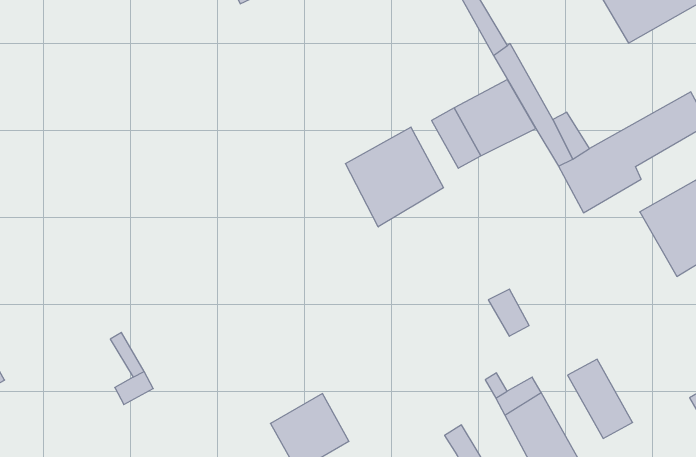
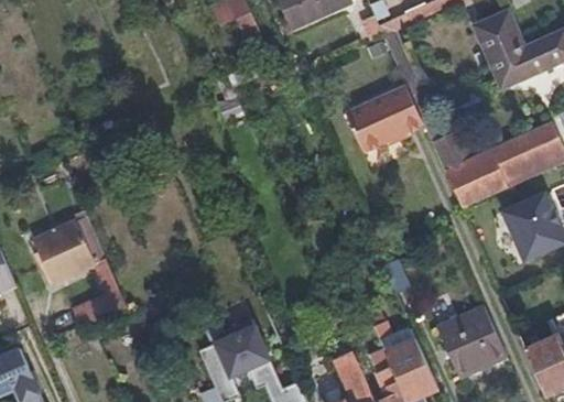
building: [345,127,443,227] -> none
building: none -> [33,221,93,283]
building: none -> [458,305,505,366]

